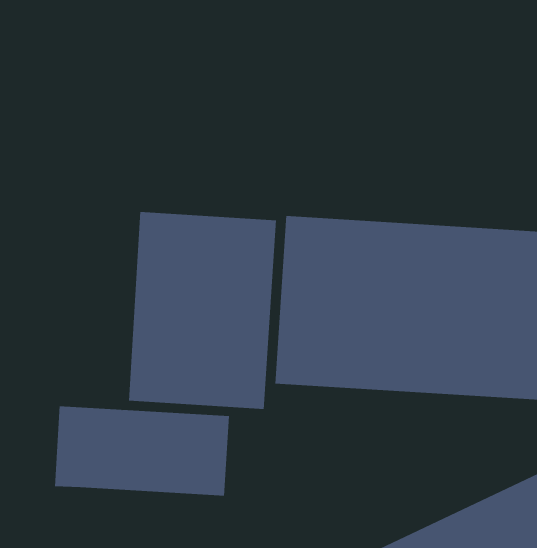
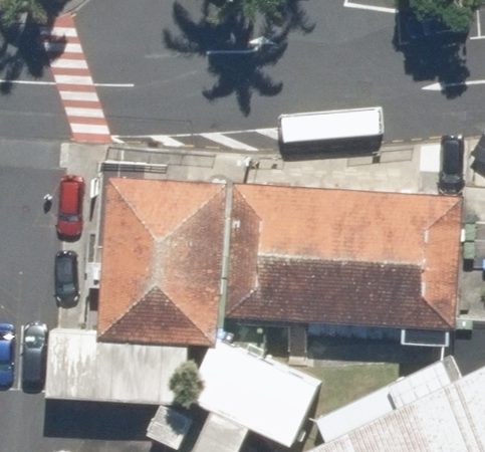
building: none -> [194,345,317,443]

